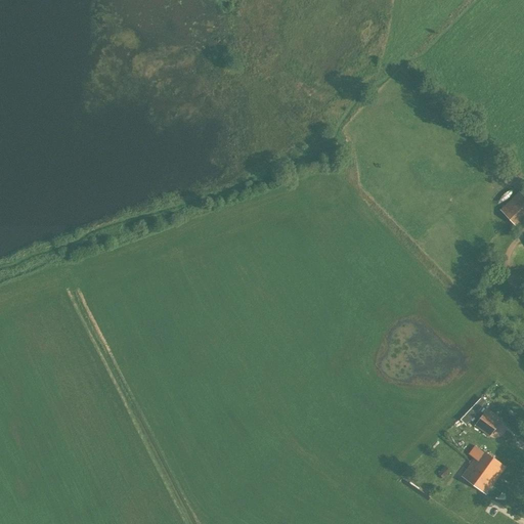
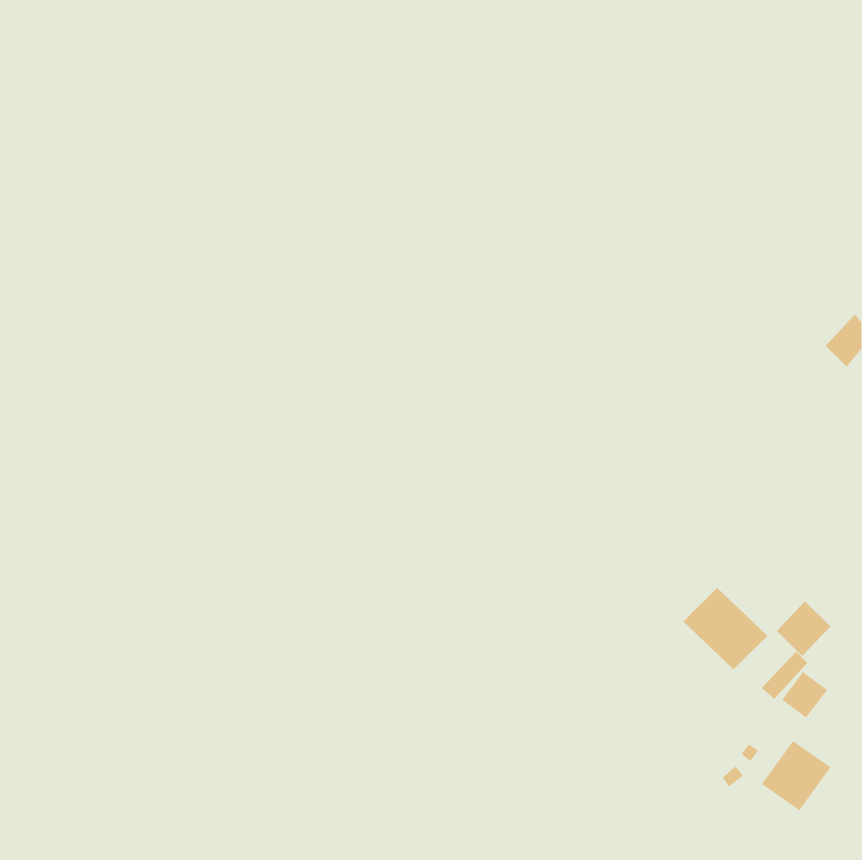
building: none -> [682,587,768,670]
building: none -> [776,600,831,657]

